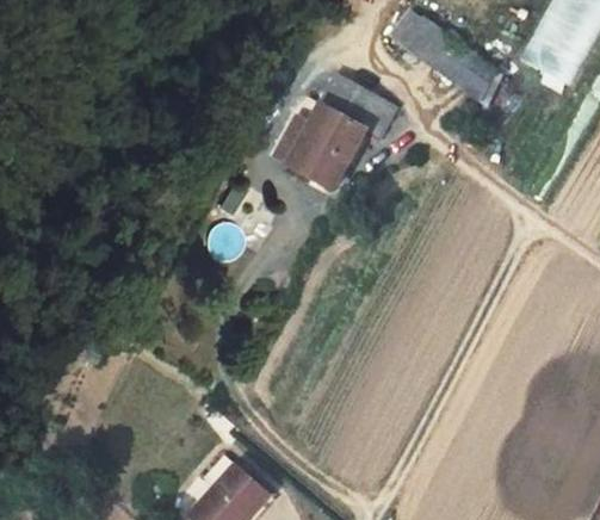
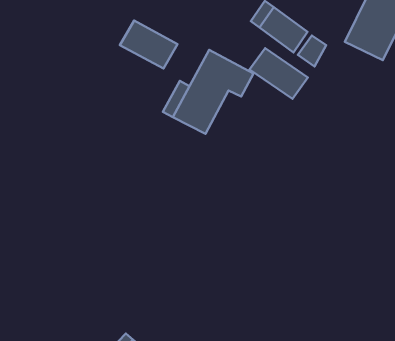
building: none -> [120,21,178,69]
building: none -> [250,48,308,99]

